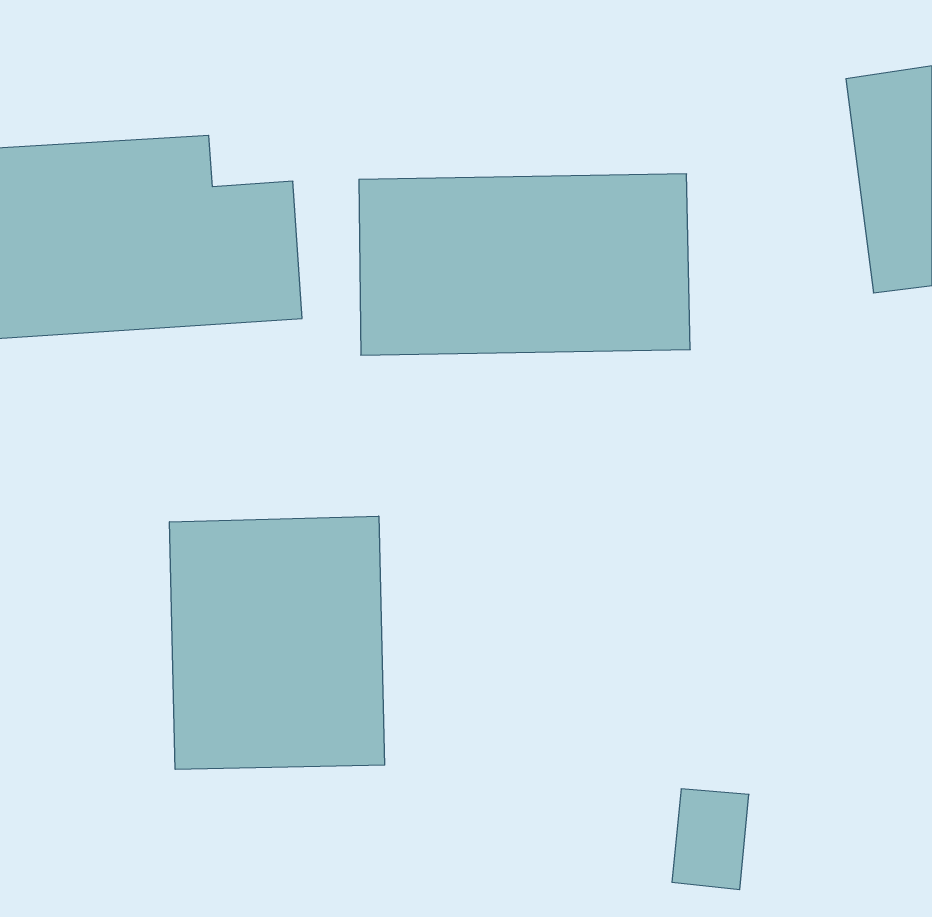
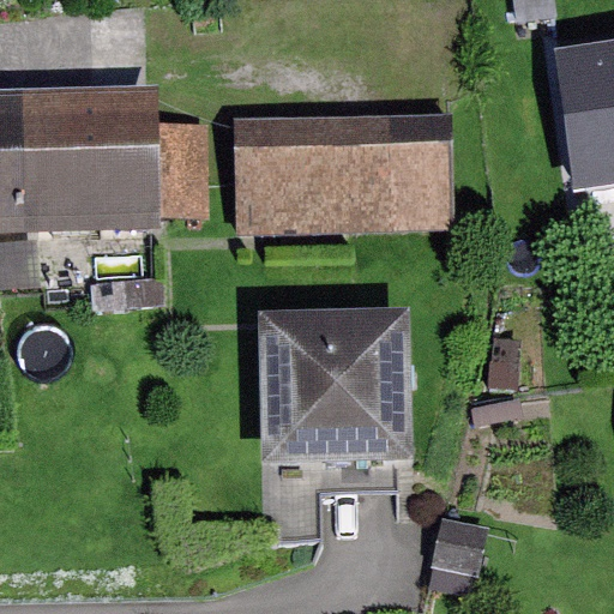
building: none -> [257,309,415,464]
building: [170,516,385,769] -> none

